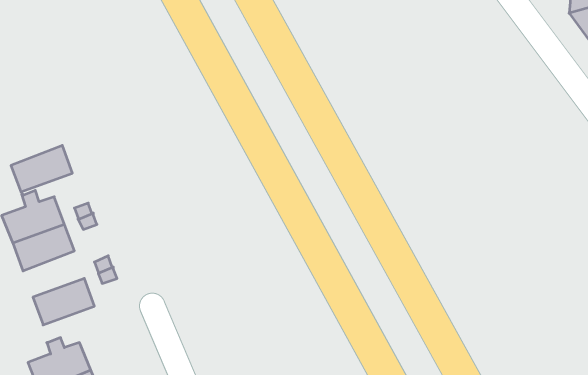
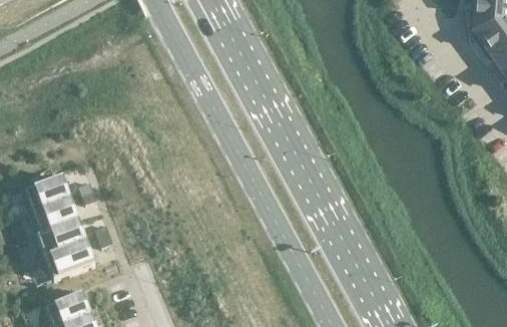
building: [11,145,72,192] -> [37,220,86,257]

